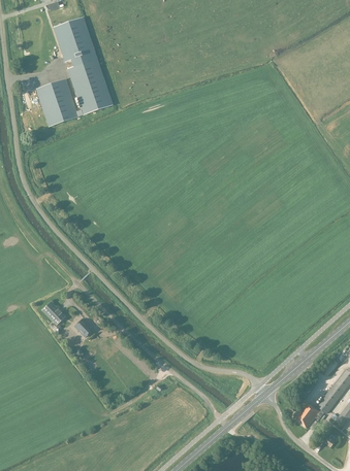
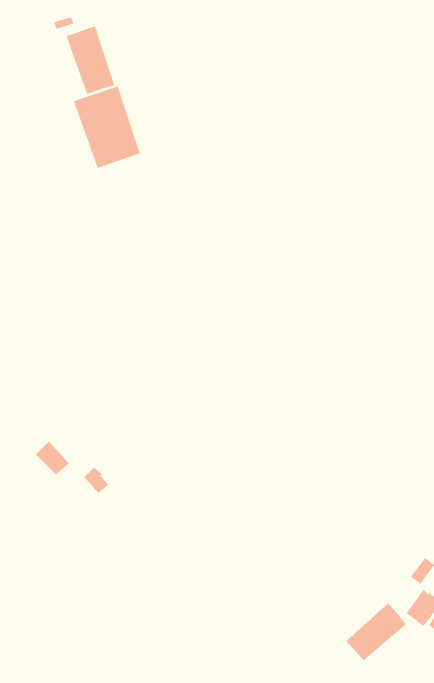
building: [36,79,77,127] -> none
building: none -> [345,602,407,661]

